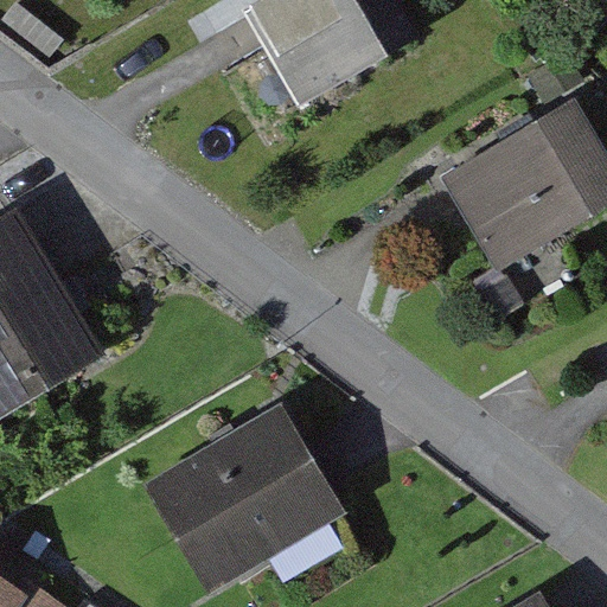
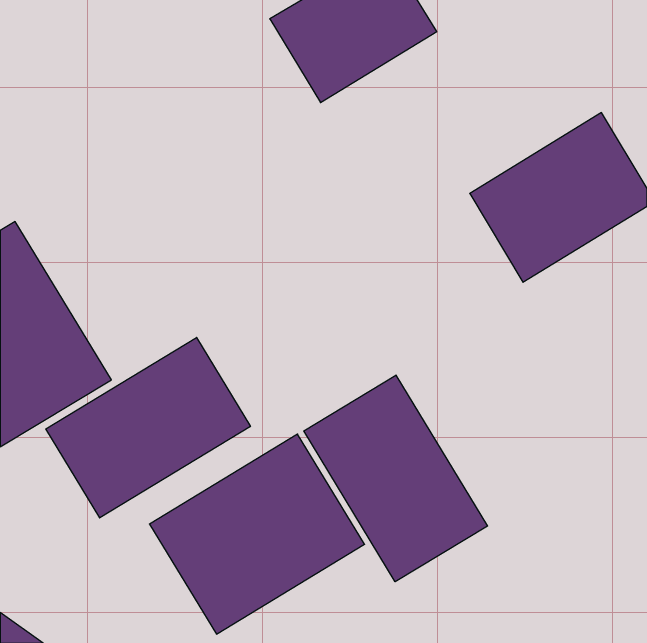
building: none -> [46,337,250,518]
building: none -> [304,375,488,582]

